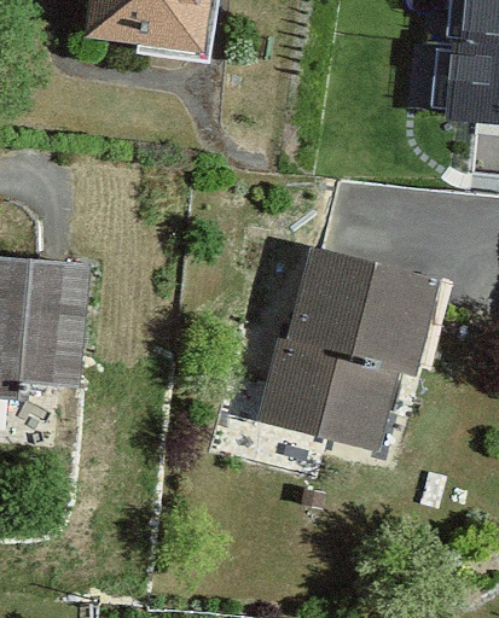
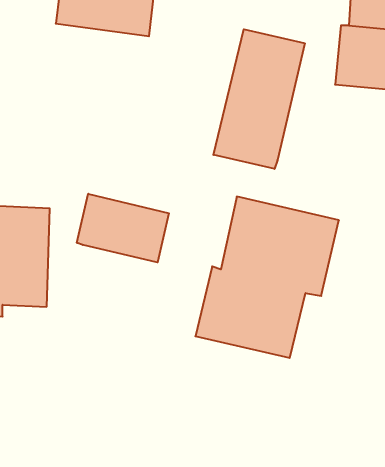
building: none -> [213,29,305,169]
building: none -> [77,194,169,262]

